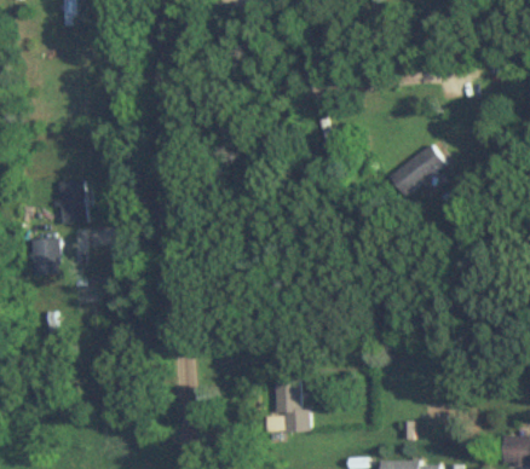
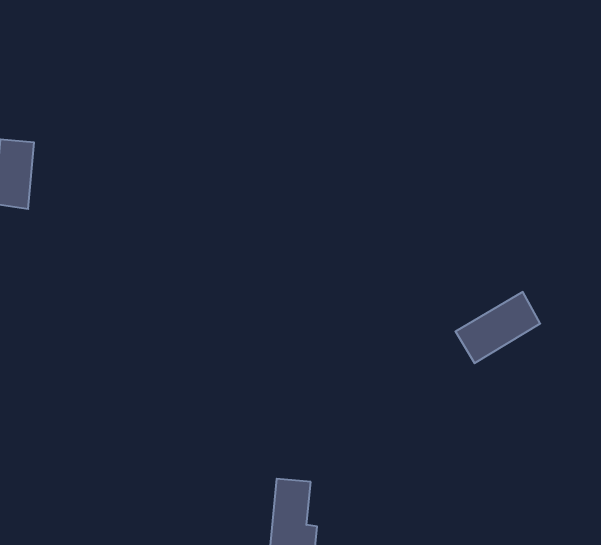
building: [390,144,445,196] -> [455,292,540,363]

